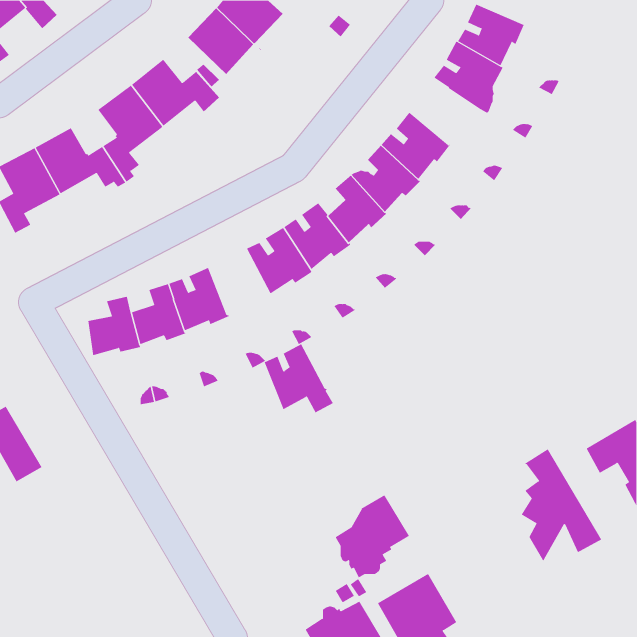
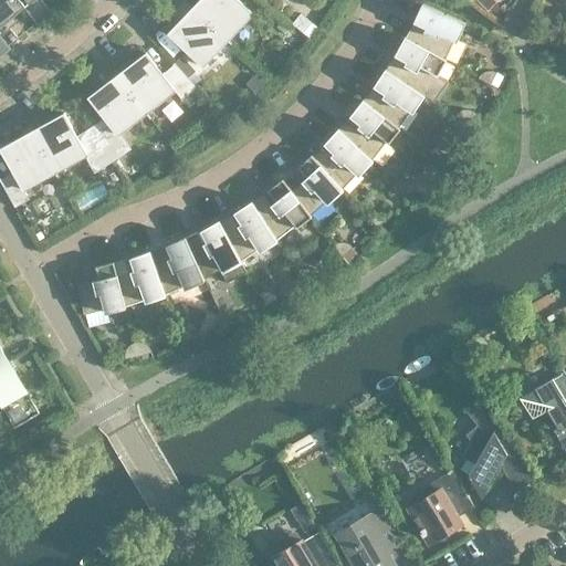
building: none -> [363,70,423,129]
building: [264,343,334,413] -> [185,221,247,283]
building: [335,495,410,578] -> [407,471,473,545]

